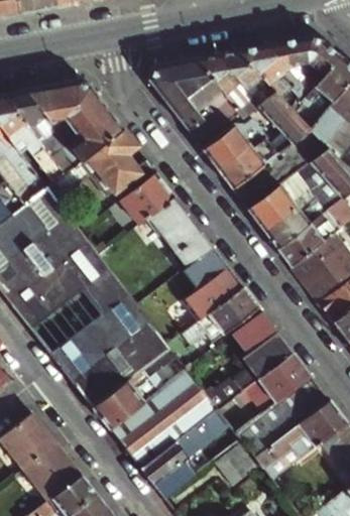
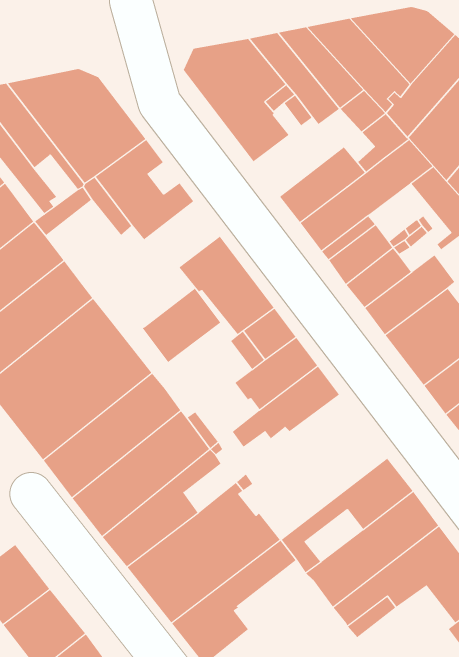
building: [202,119,262,169] -> none
building: [120,172,176,225] -> [142,288,221,363]
building: [203,310,293,409] -> none
building: [213,439,256,484] -> none

